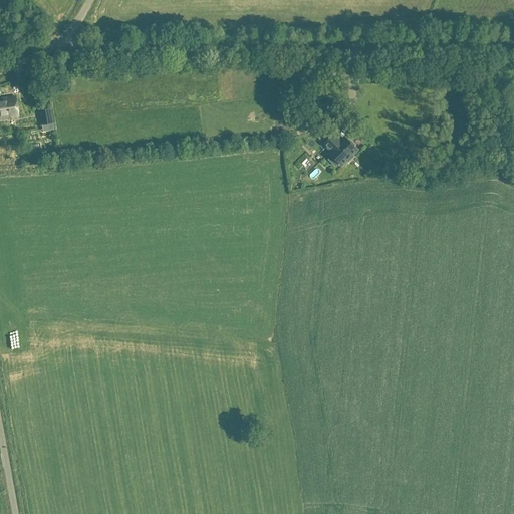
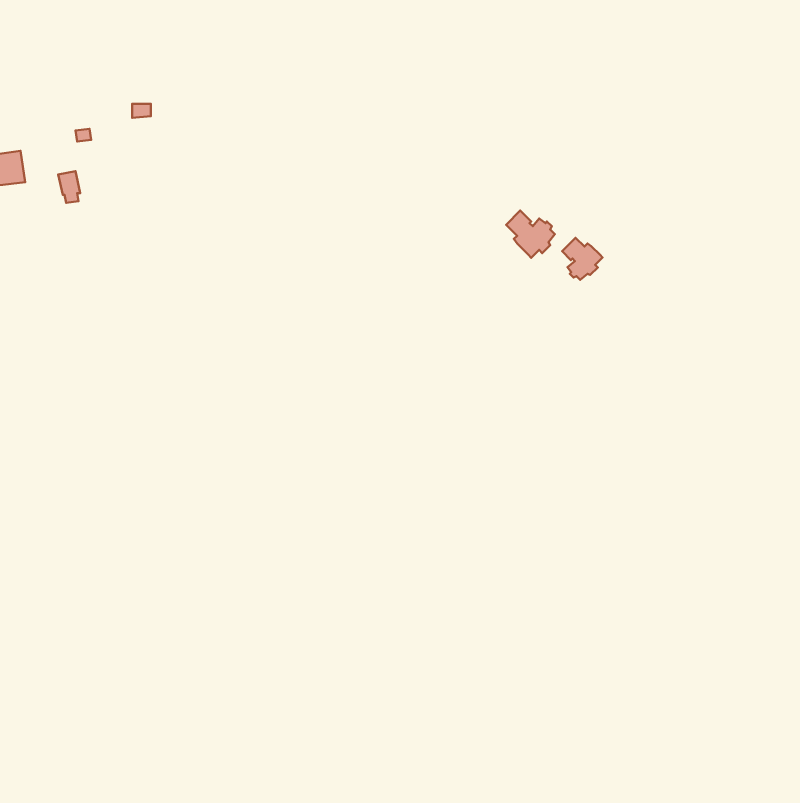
building: none -> [562,238,603,280]

